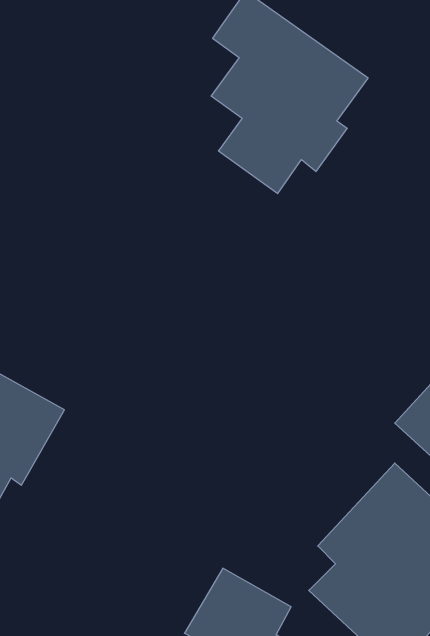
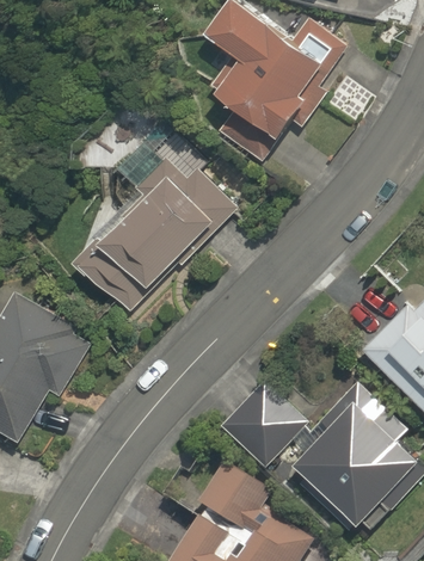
building: none -> [79,144,239,315]
building: none -> [223,387,300,462]

